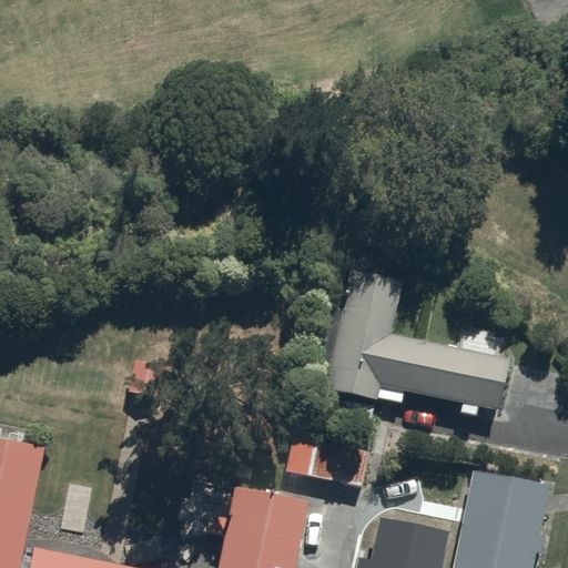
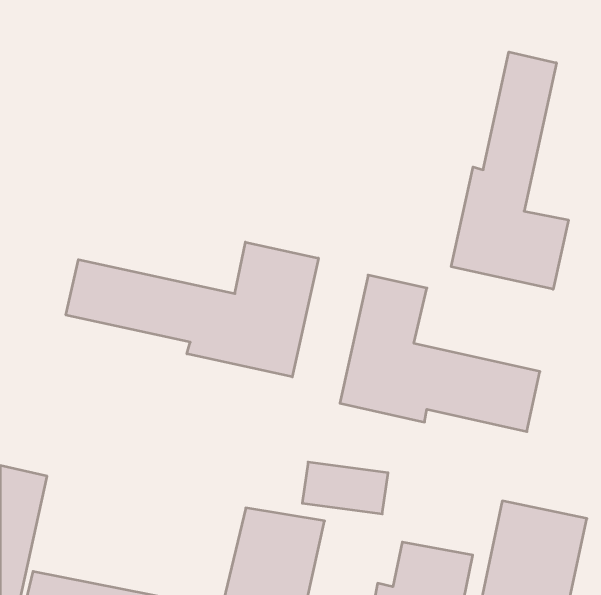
building: none -> [451,52,568,289]
building: none -> [66,242,318,377]

